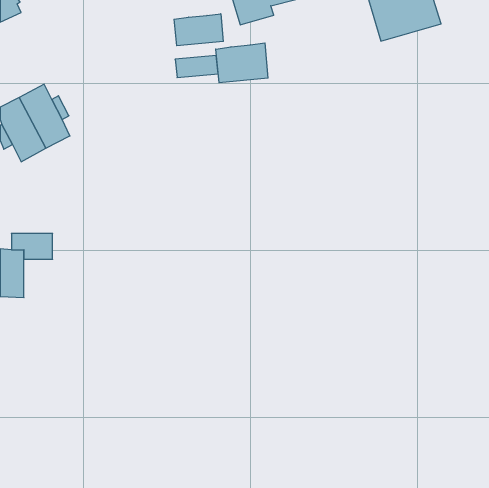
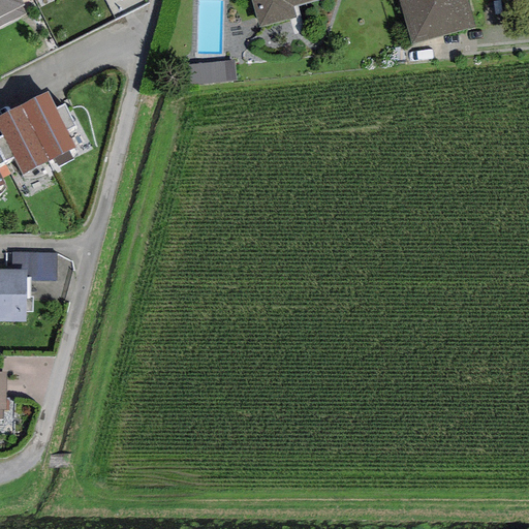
building: [174,14,223,46] -> none
building: [216,43,268,83] -> none

